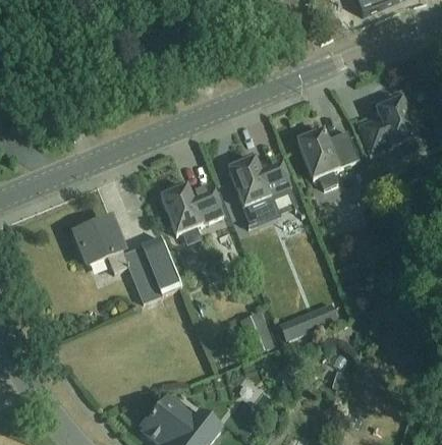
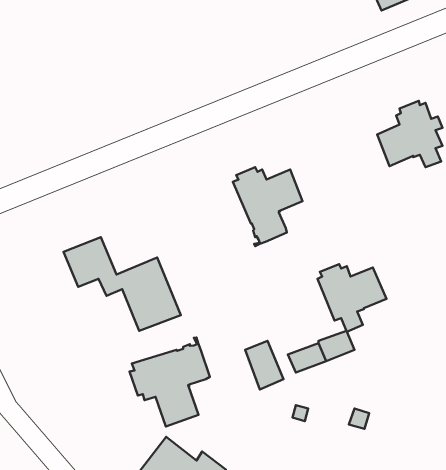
building: [297,126,360,187] -> [318,264,386,332]
building: [161,182,224,242] -> none
building: none -> [129,337,210,427]

